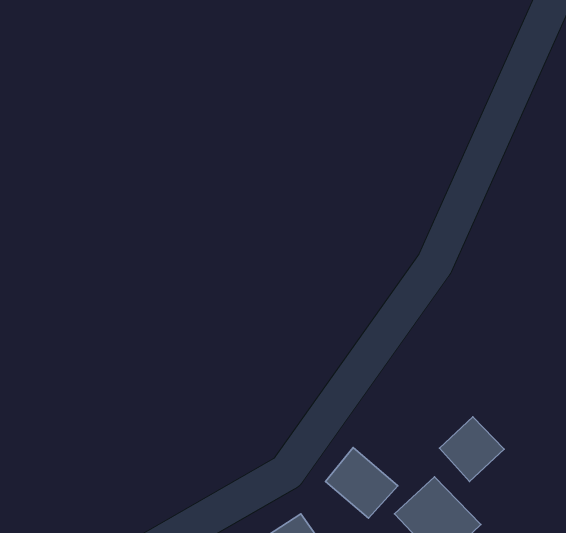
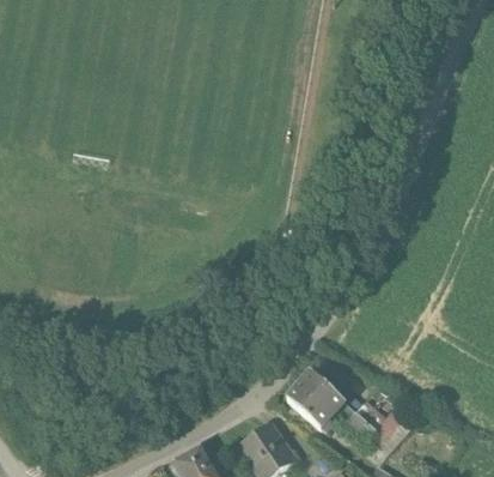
building: [439,417,504,482] -> none

